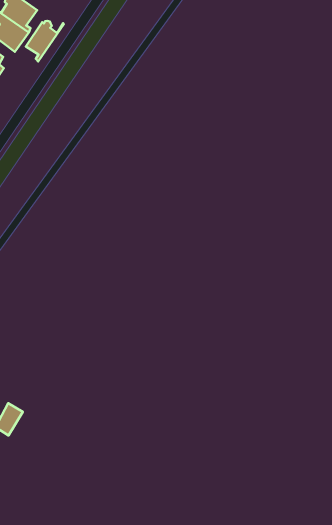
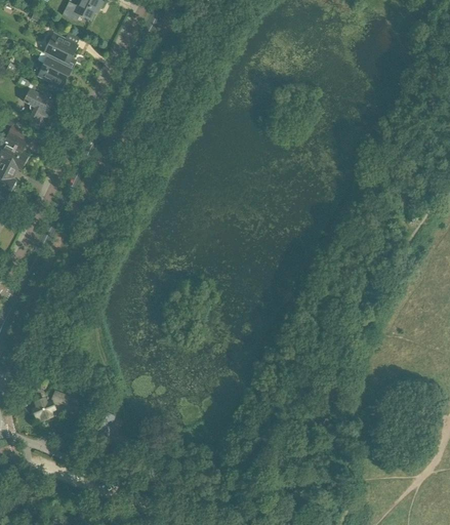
building: [26,21,64,62] -> none

